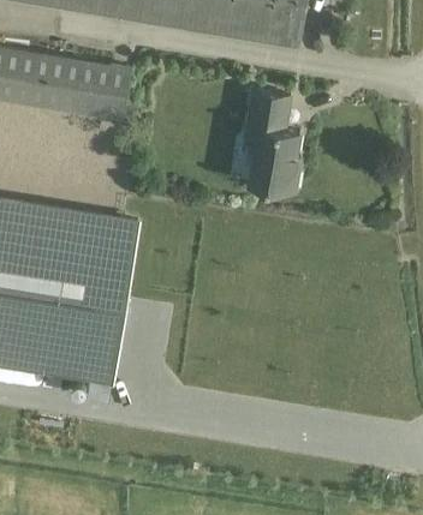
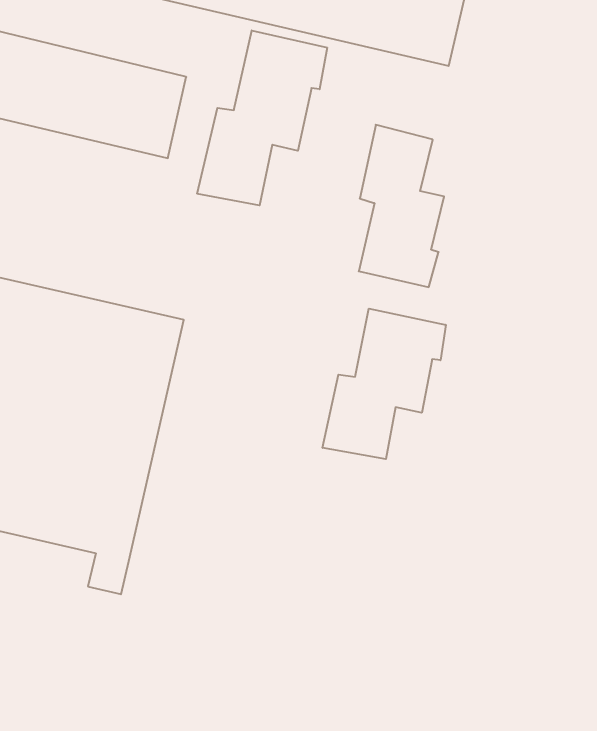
building: none -> [197,30,327,205]
building: none -> [323,309,446,459]

